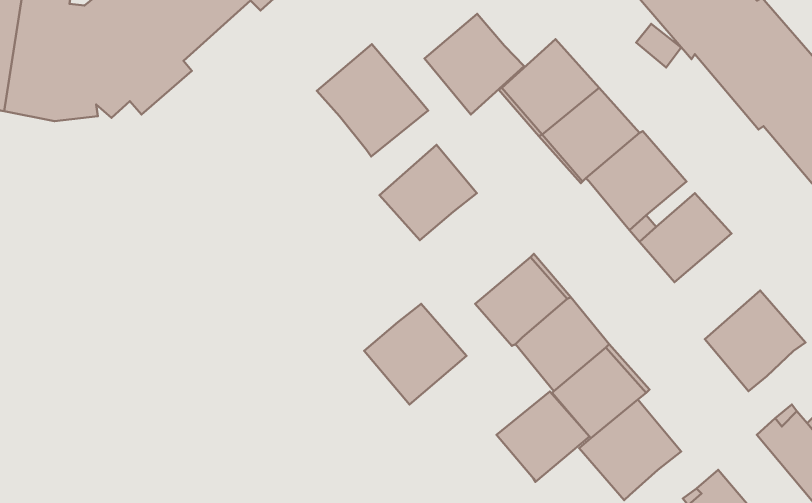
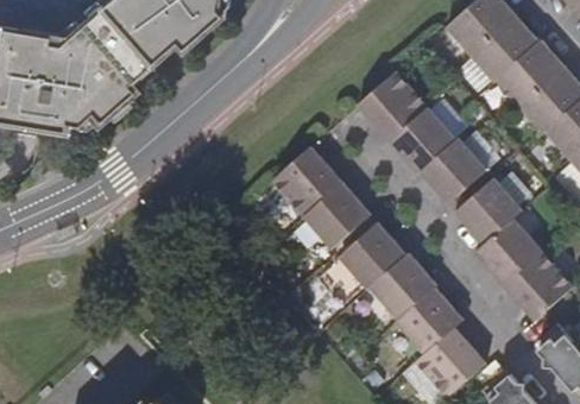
building: [424,14,524,114] -> none
building: [317,44,428,157] -> none
building: none -> [473,207,541,282]
building: [364,304,466,404] -> [300,178,372,250]
building: [496,392,590,482] -> none

